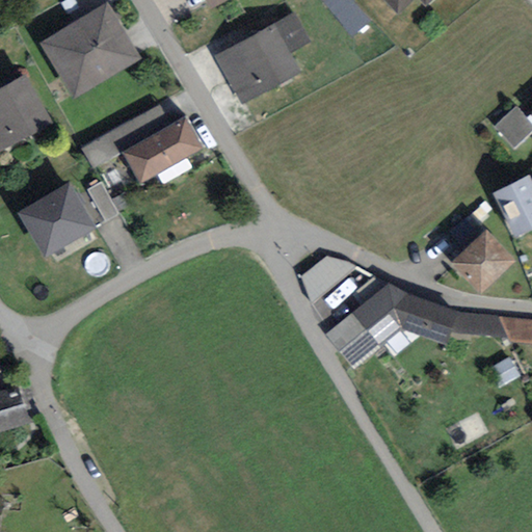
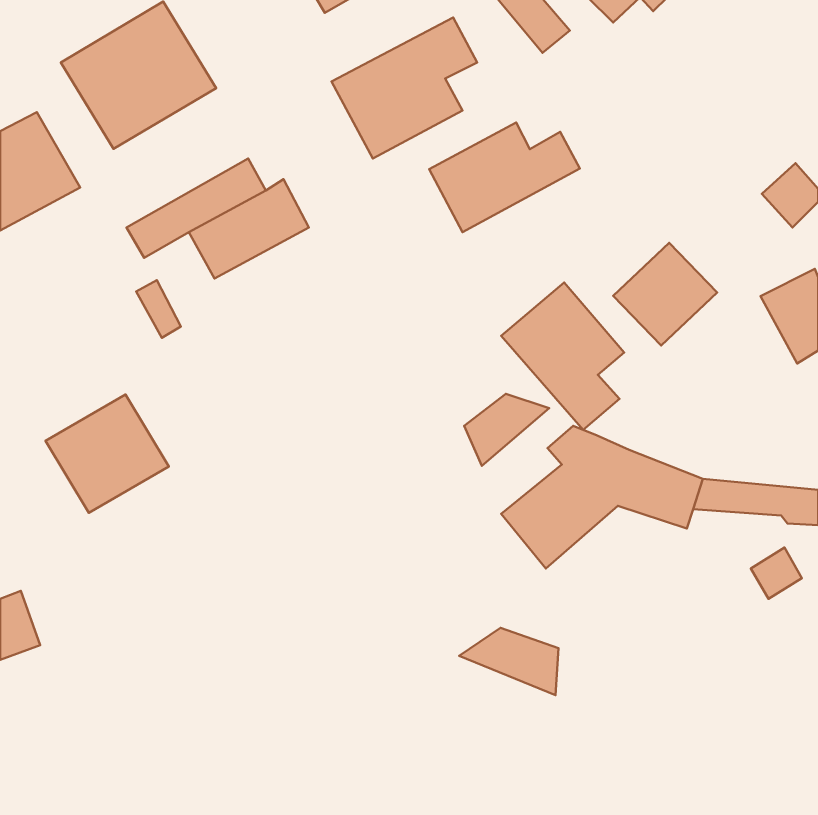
building: none -> [429,123,580,232]
building: [18,181,98,258] -> [45,394,169,513]
building: none -> [501,282,624,430]
building: [450,228,517,294] -> [613,243,717,345]
building: none -> [459,628,559,695]

